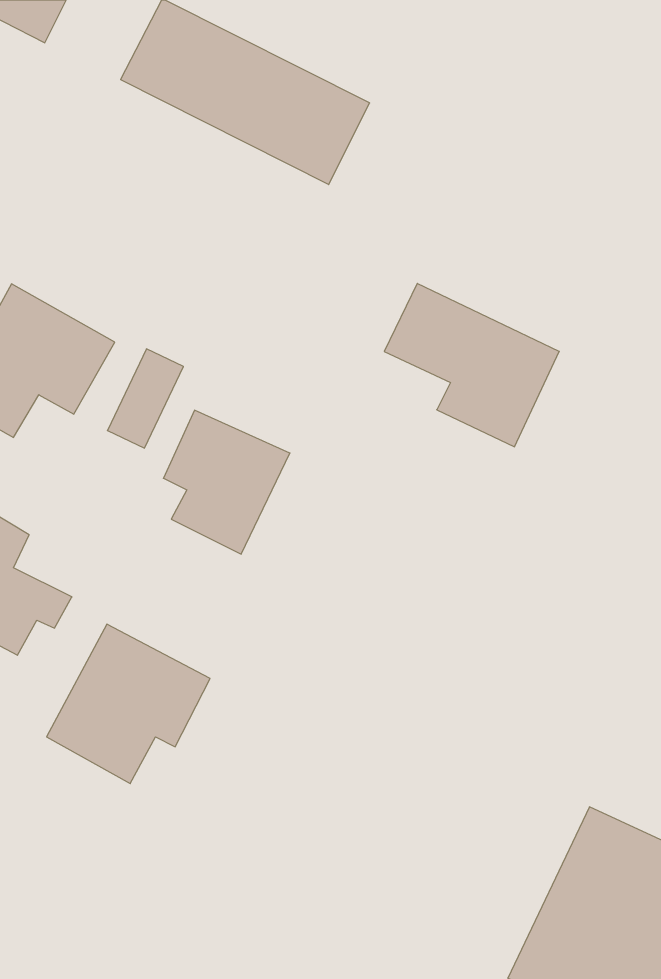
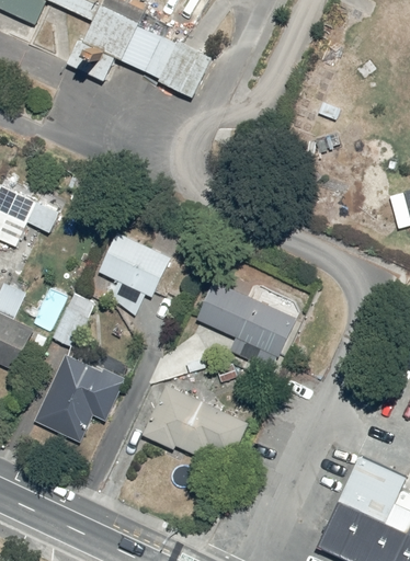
building: [384,283,559,447] -> [197,279,296,371]
building: [107,349,183,448] -> [52,290,94,346]
building: none -> [144,379,248,468]

